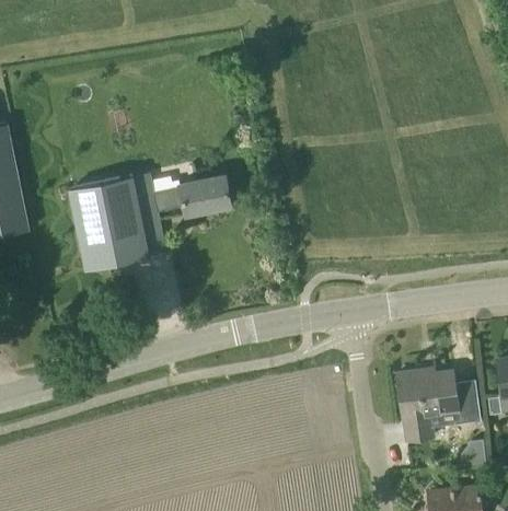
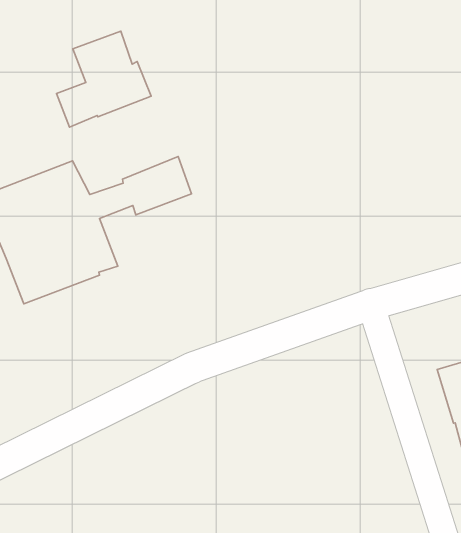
building: none -> [56,31,151,127]

